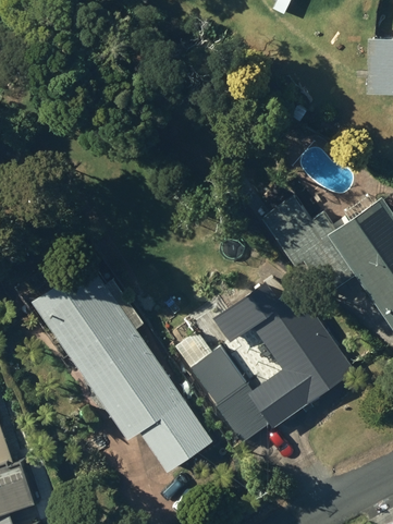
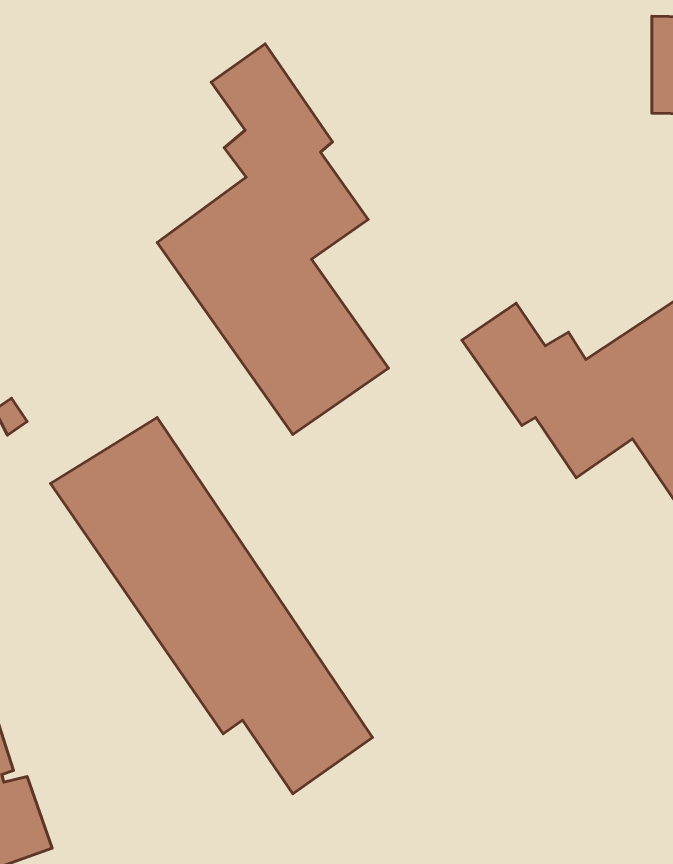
building: none -> [157,44,389,435]
building: [191,283,356,444] -> none

